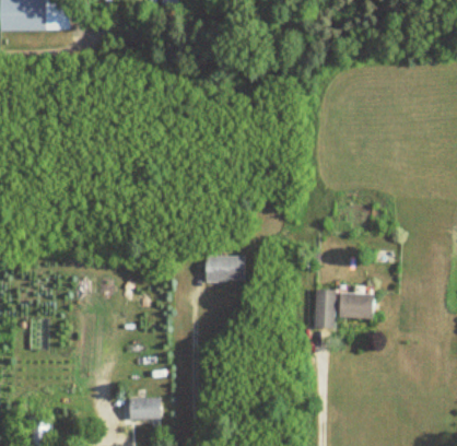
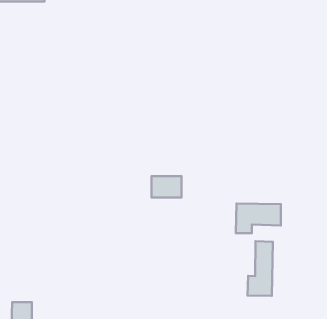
building: none -> [247,241,273,296]
building: [129,398,162,420] -> none

